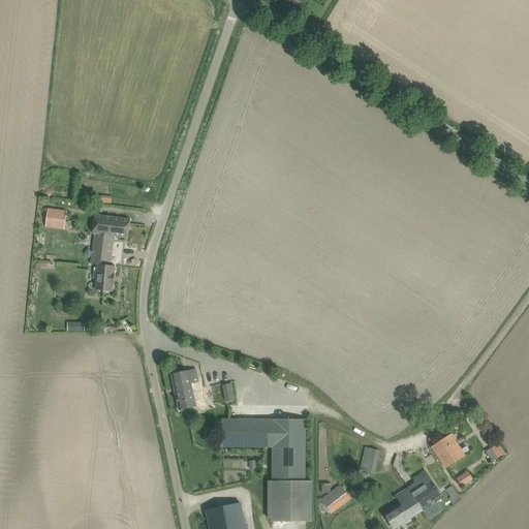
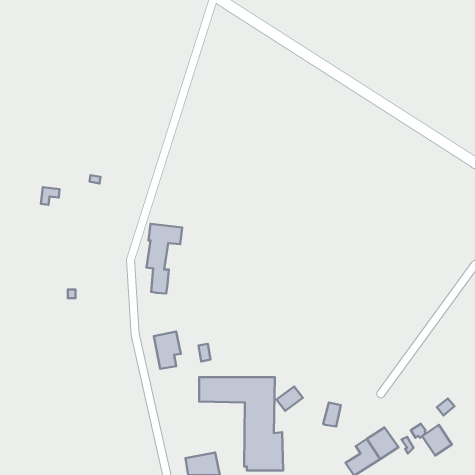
building: [90,214,129,291] -> [147,224,182,294]
building: [431,433,464,467] -> [422,425,452,456]
building: [321,485,350,511] -> [277,387,303,411]

